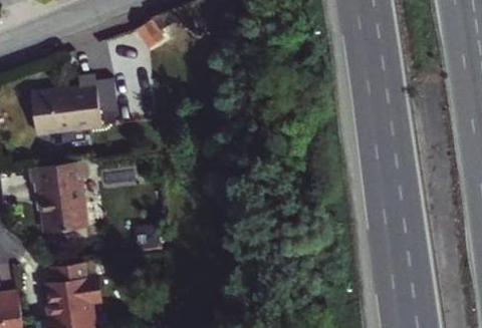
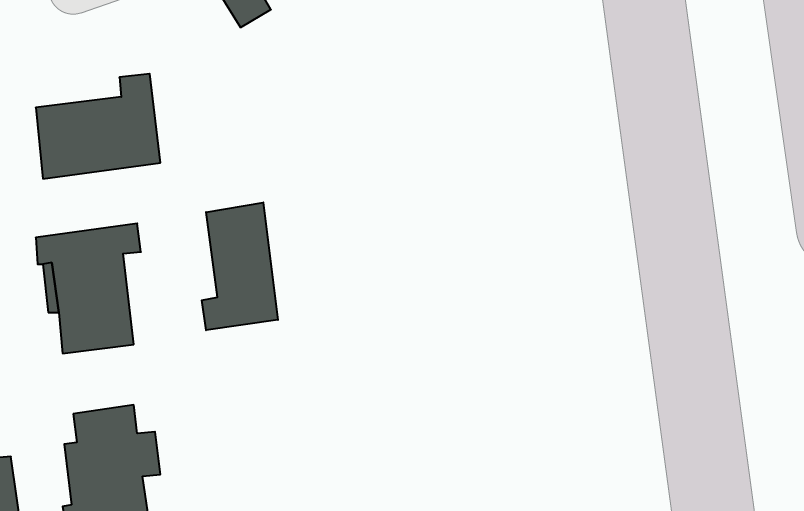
building: none -> [202,202,278,330]

